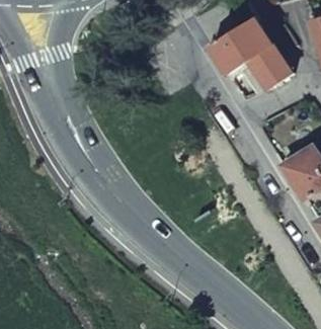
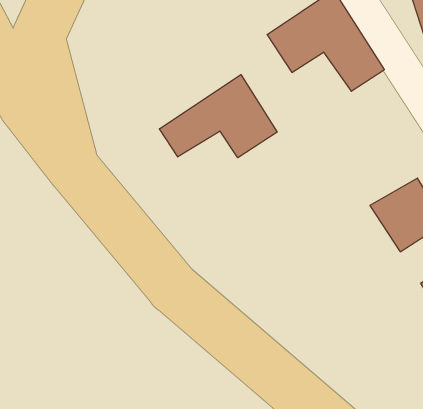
building: none -> [159,75,277,158]

